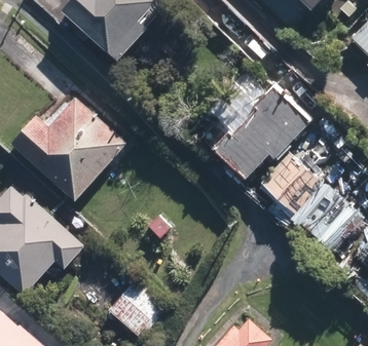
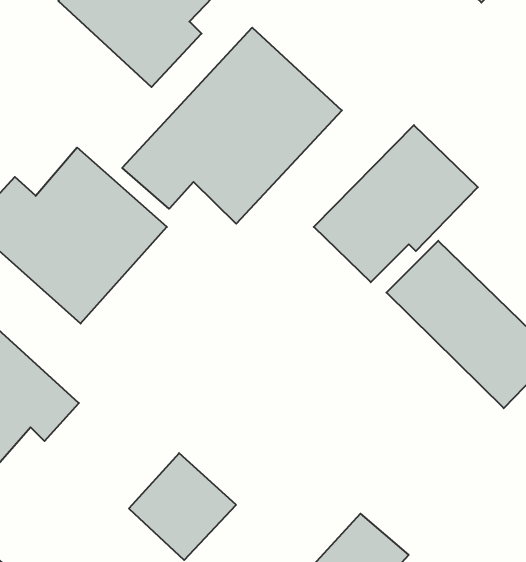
building: none -> [122,28,342,224]

